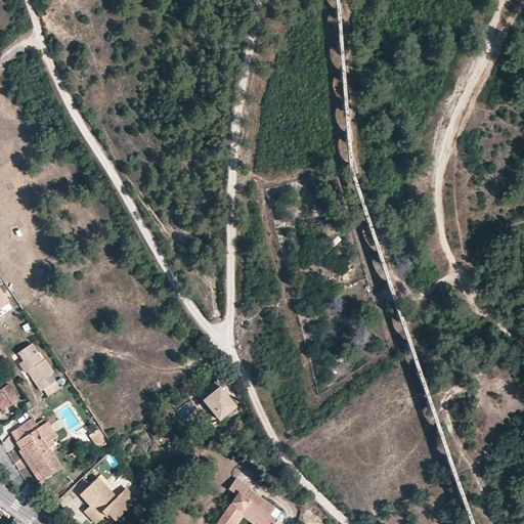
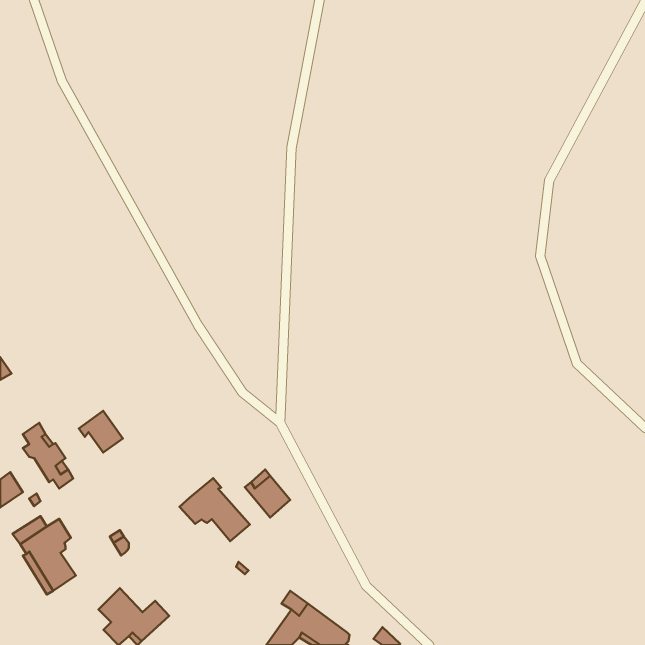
building: none -> [79,411,123,453]
building: none -> [180,478,250,541]

